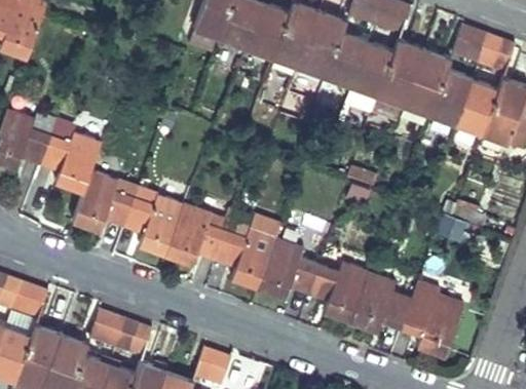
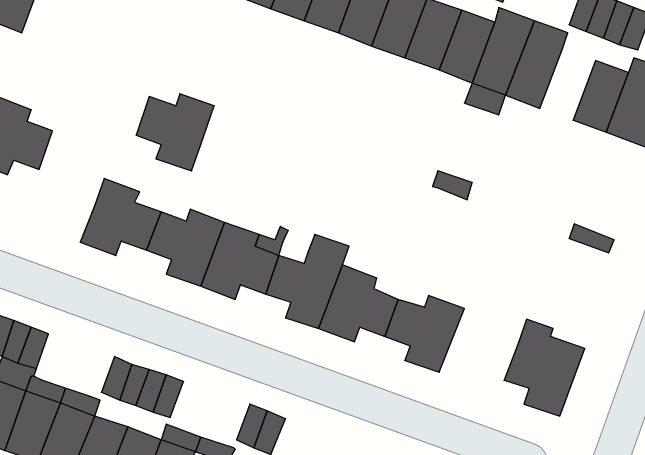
building: [428,71,472,126] -> none
building: [40,132,101,192] -> [136,94,214,171]
building: [350,272,412,332] -> none

